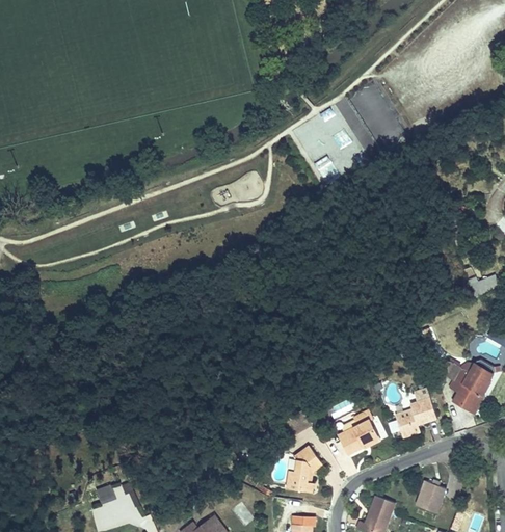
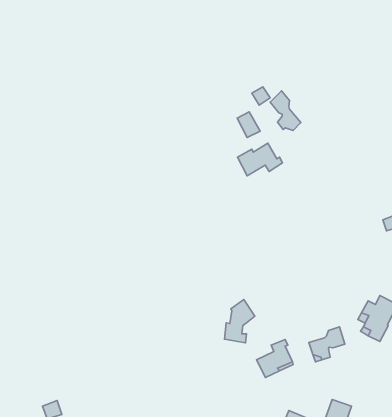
building: none -> [270,91,301,130]
building: none -> [238,143,283,176]
building: [286,447,320,496] -> [224,300,255,343]

